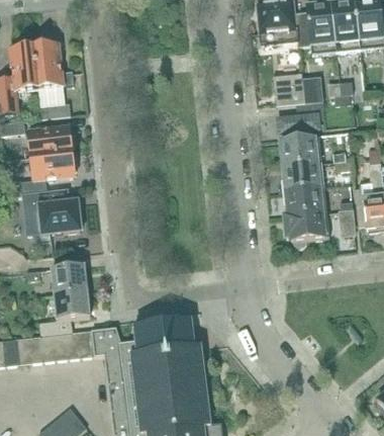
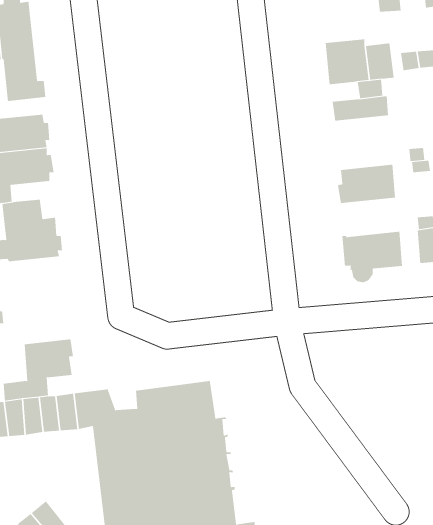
building: [281,138,322,168] -> none
building: [284,188,327,216] -> none
building: [52,265,89,294] -> none

